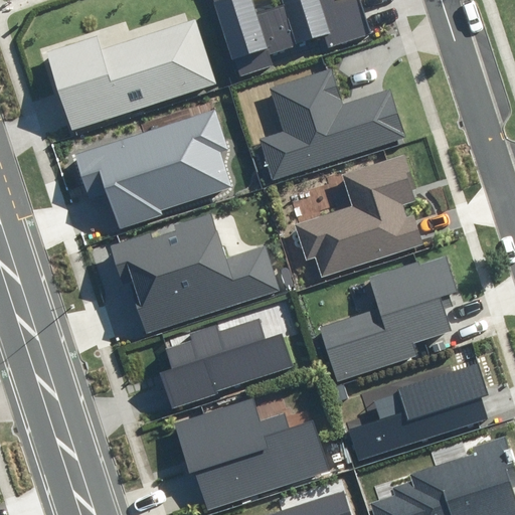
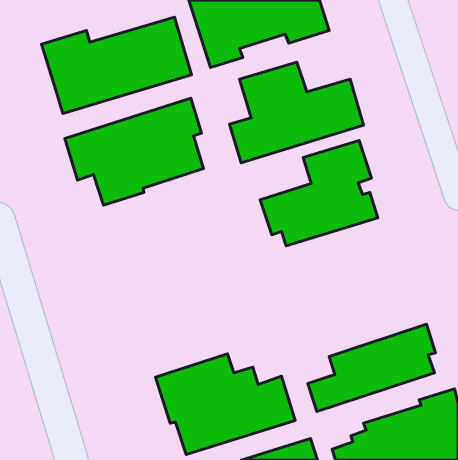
building: [108,212,279,333] -> none
building: [317,258,458,381] -> none
building: [154,319,297,412] -> none

